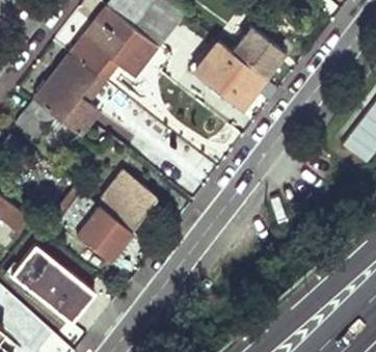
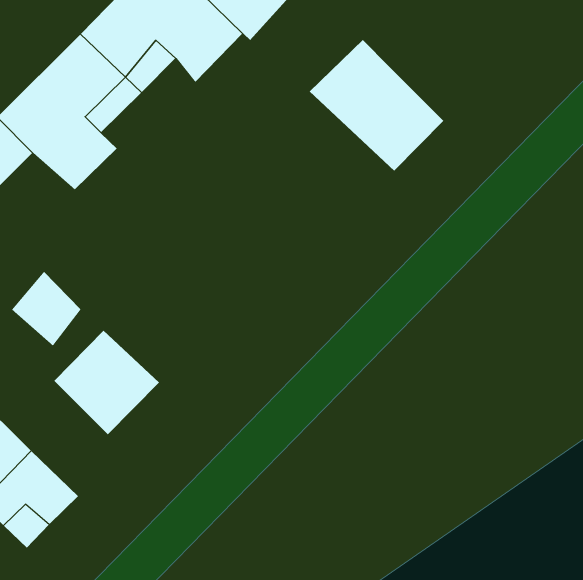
building: [233,23,287,78] -> none
building: [100,172,156,229] -> none

